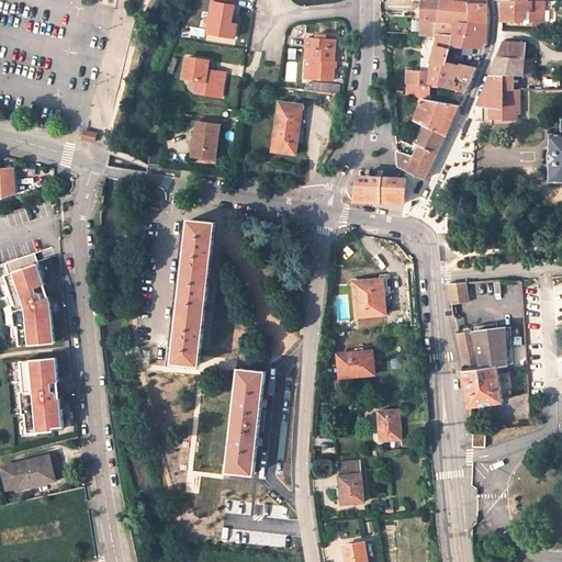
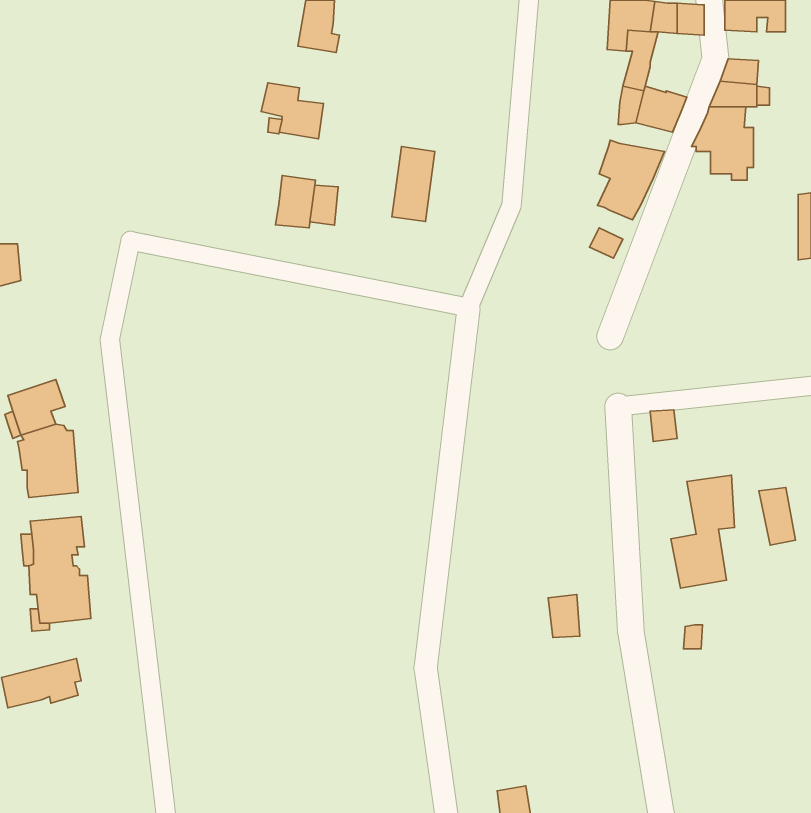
building: [448,23,485,49] -> none
building: [303,38,333,80] -> none
building: [403,64,428,100] -> none
building: none -> [310,185,338,225]
building: [395,146,436,171] -> none
building: [355,171,404,203] -> none
building: [173,222,213,364] -> none
building: [352,280,389,315] -> none
building: [454,333,480,372] -> [759,488,796,545]
building: [337,349,372,376] -> none
building: [228,370,262,472] -> none
building: [337,462,362,504] -> none

